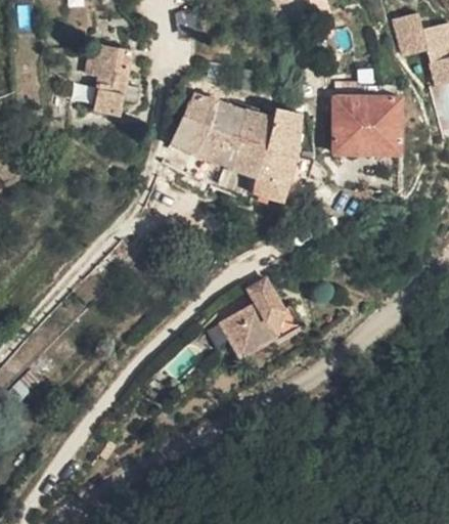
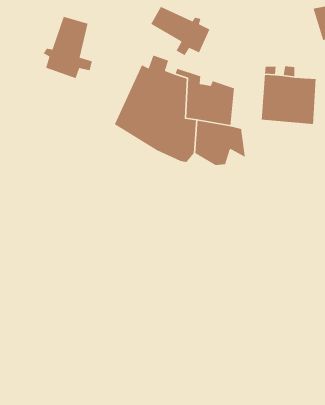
building: none -> [150,6,211,56]
building: [221,280,302,359] -> none

